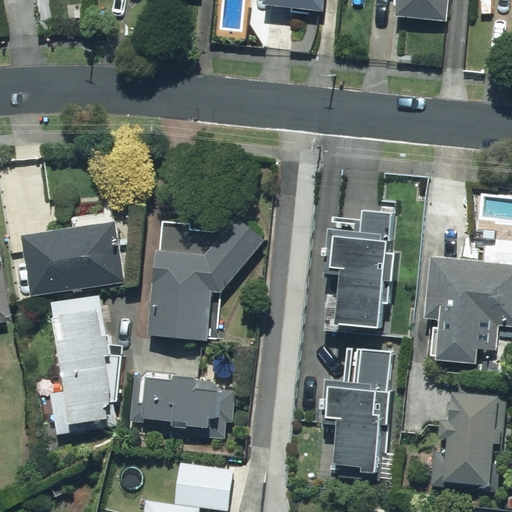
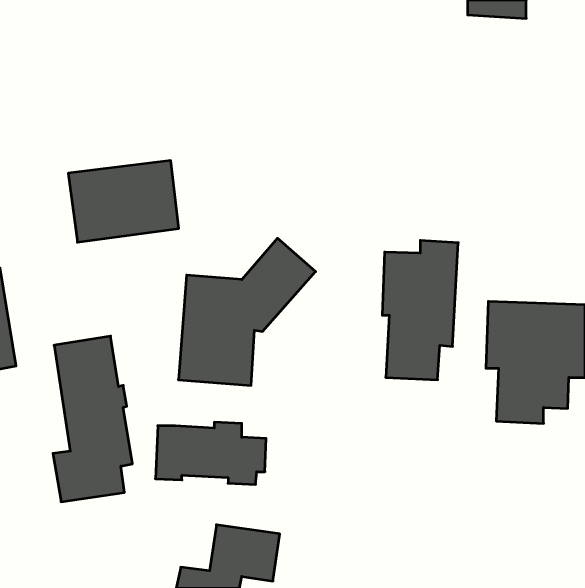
building: [22,223,118,294] -> [68,161,179,242]
building: [314,347,396,485] -> none
building: [429,391,502,490] -> none

